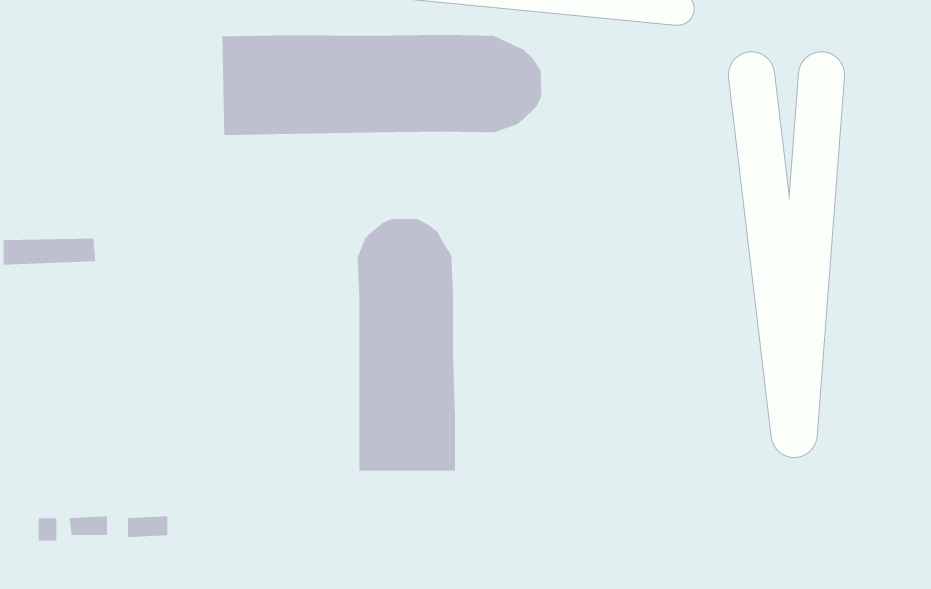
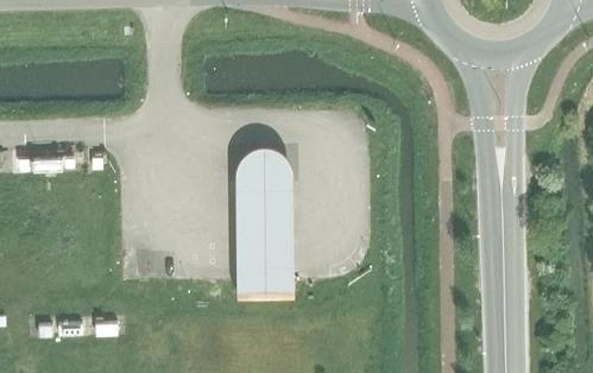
building: [222,34,542,136] -> none

